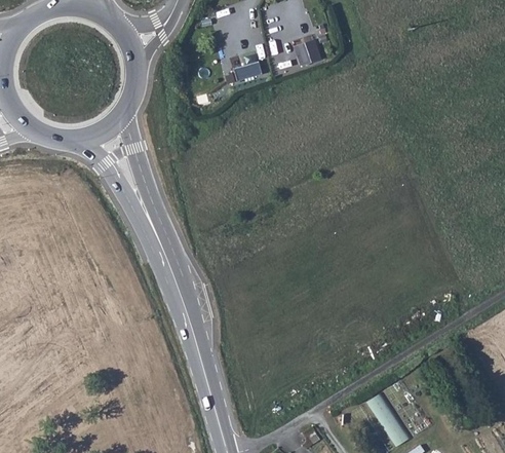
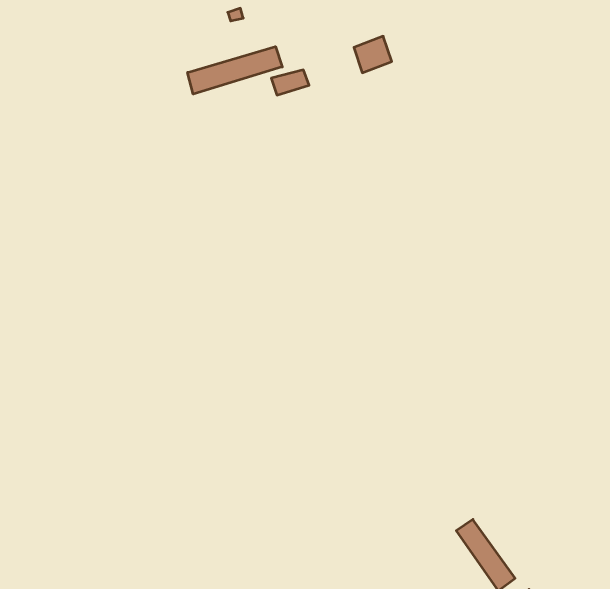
building: none -> [188,47,282,94]

